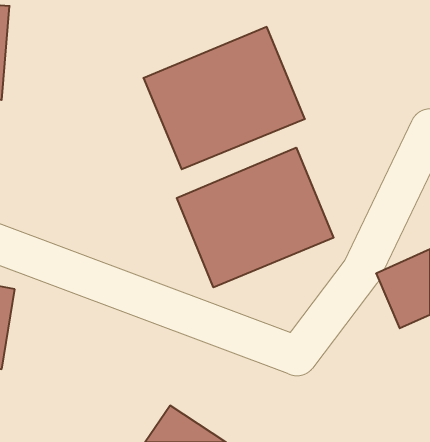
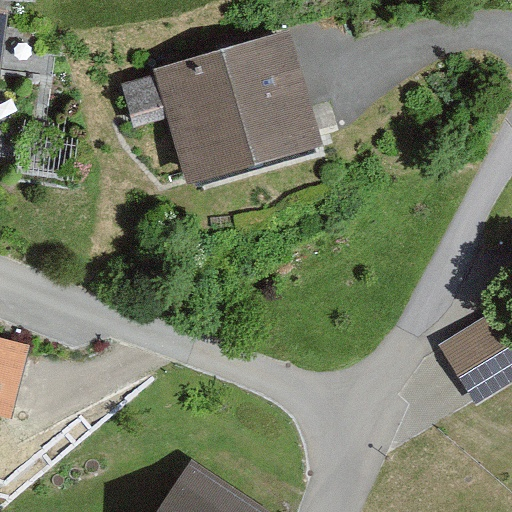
building: [177,148,334,287] -> none

